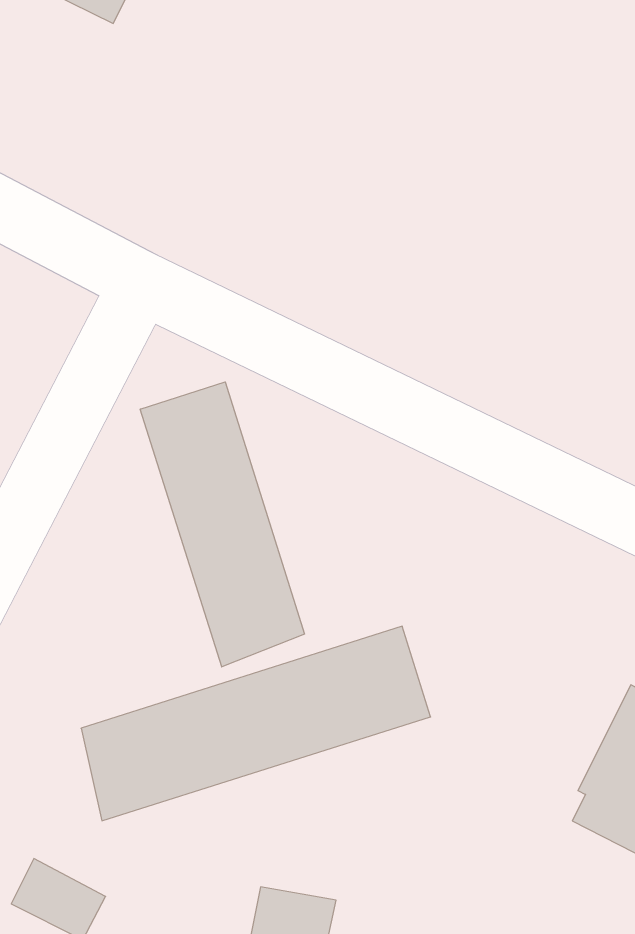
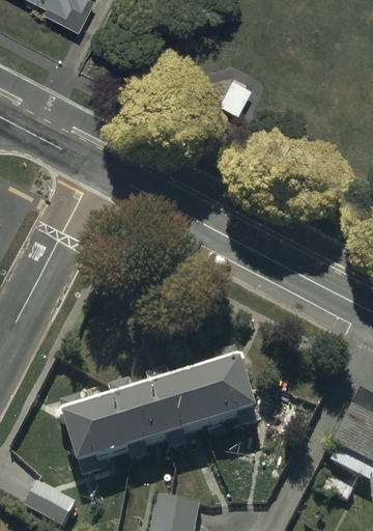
building: [140,382,304,667] -> none

